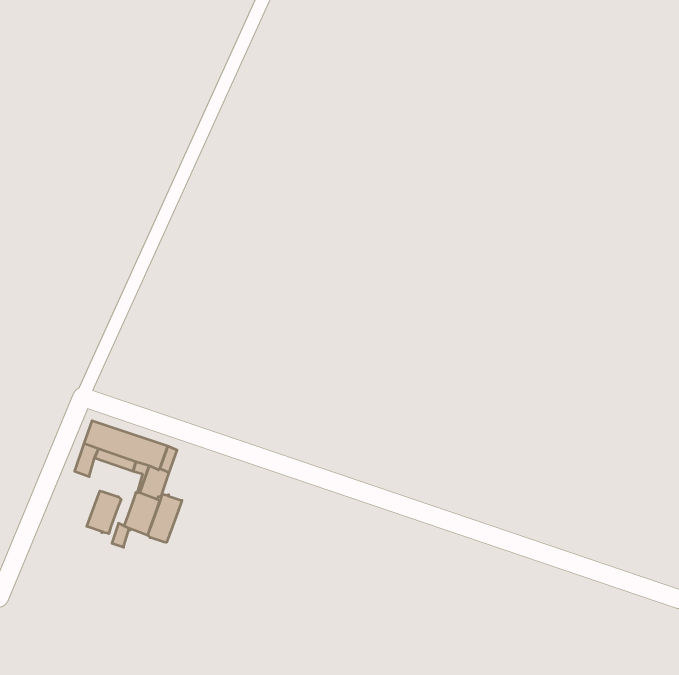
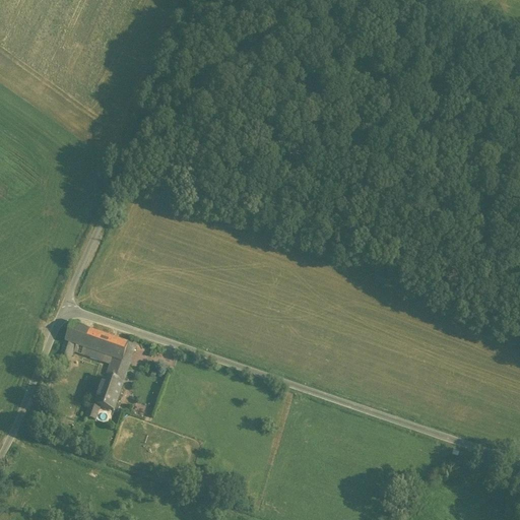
building: [87,491,121,534] -> none
building: [148,494,182,542] -> none

